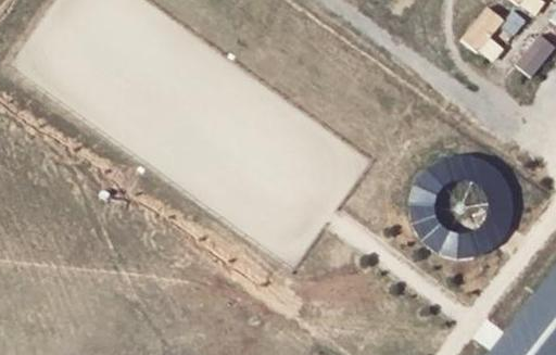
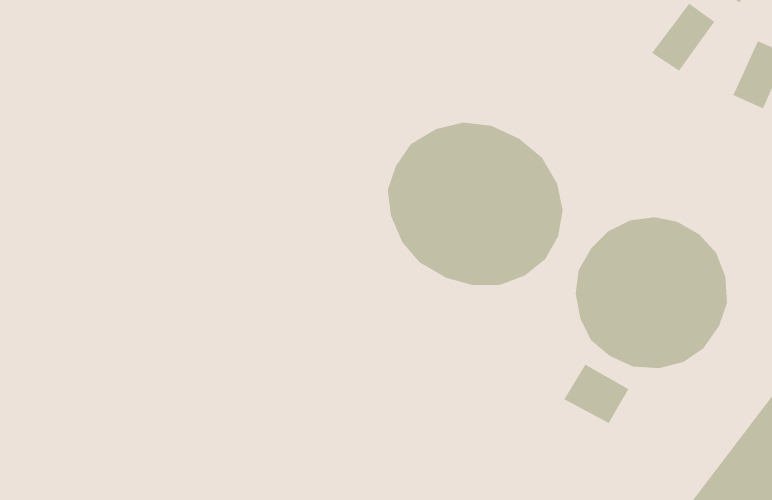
building: none -> [387,122,563,286]
building: none -> [564,364,629,424]

